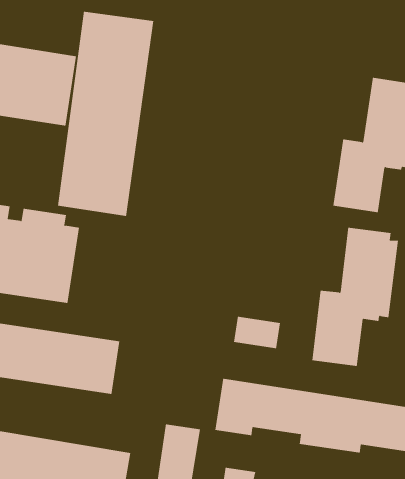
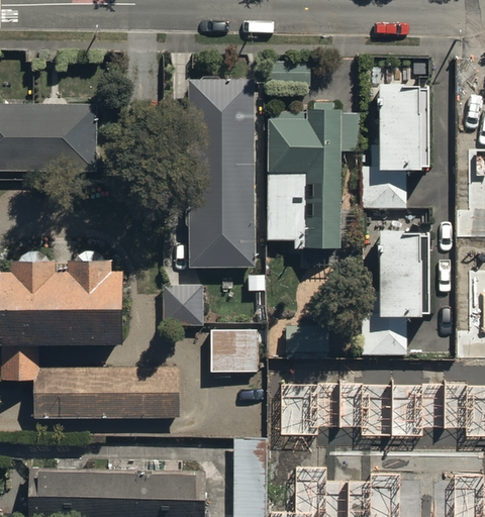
building: [57,11,154,216] -> [185,79,256,268]
building: none -> [267,103,357,248]
building: none -> [163,288,203,328]
building: none -> [211,331,257,373]

